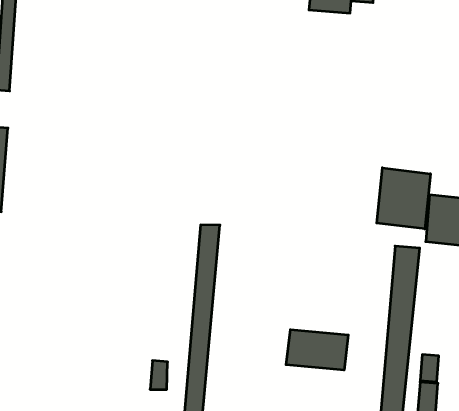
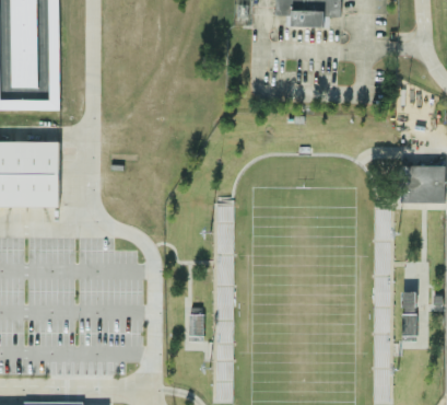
building: [377,168,430,229] -> none
building: [286,330,348,370] -> none

